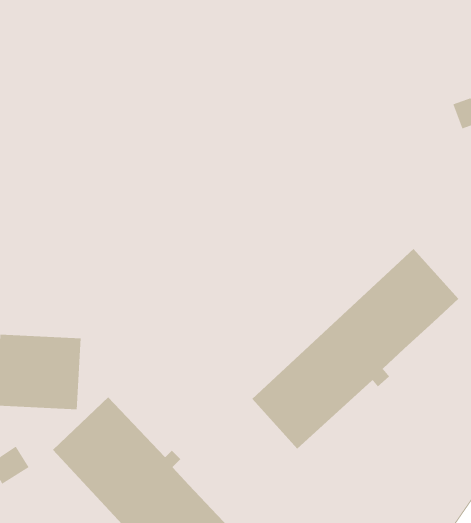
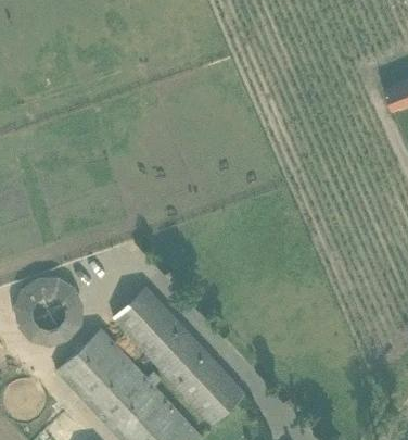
building: [251,248,459,450] -> none
building: none -> [113,285,247,426]

